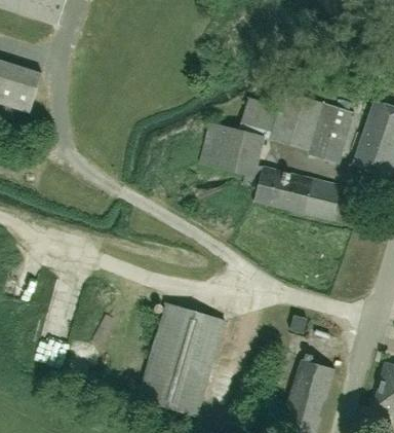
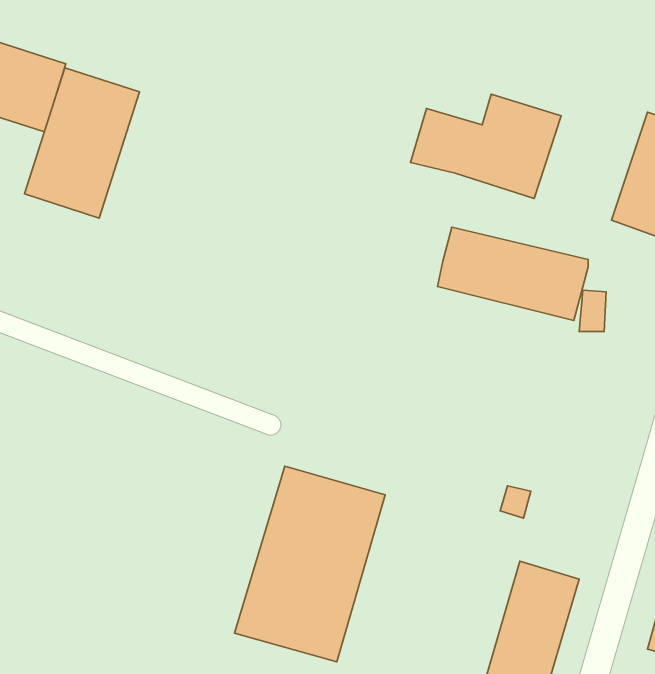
building: none -> [25,68,139,218]
building: [308,103,354,164] -> none
building: [200,122,264,186] -> none

